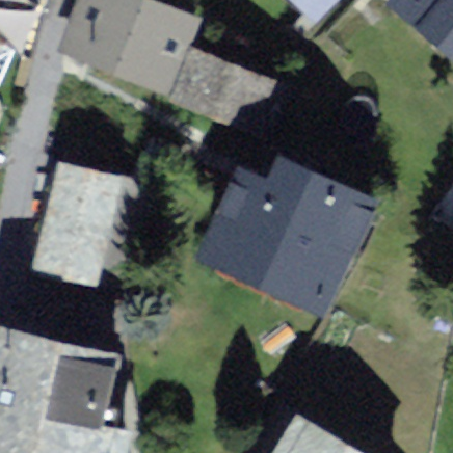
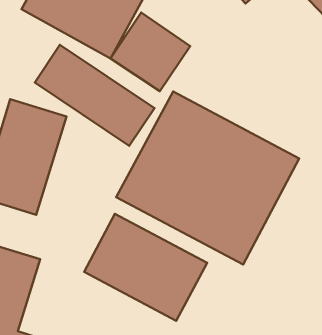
building: none -> [35,45,154,146]
building: none -> [84,214,207,321]

